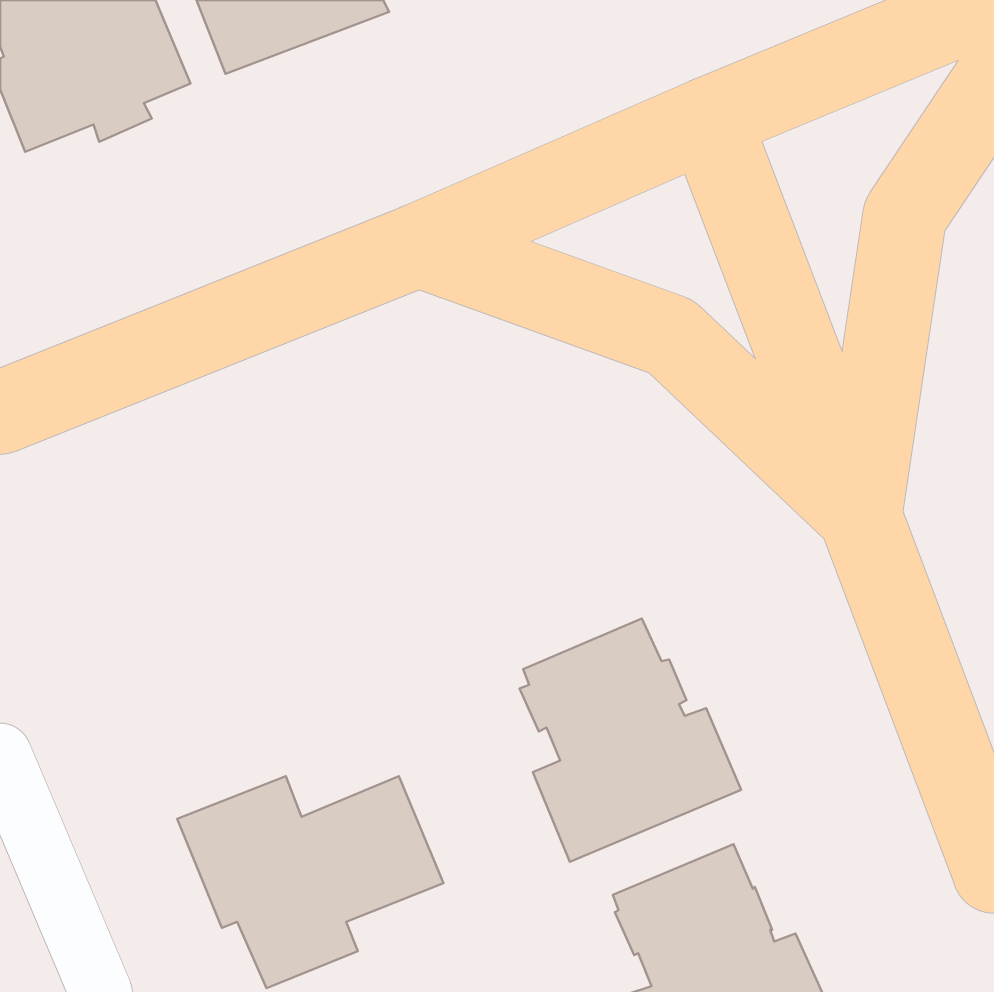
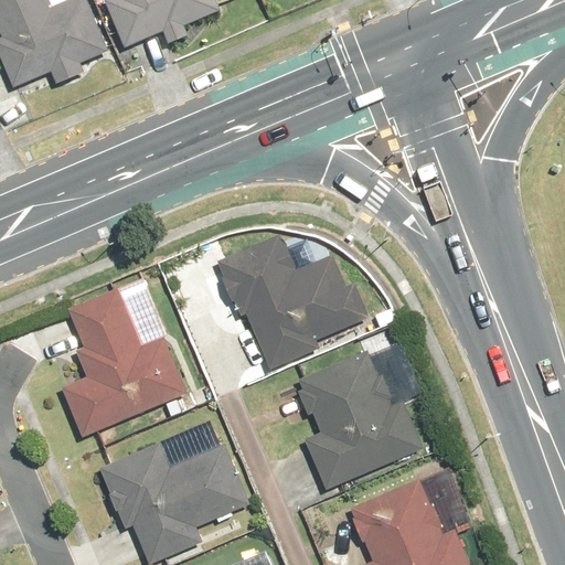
building: none -> [217,234,369,365]
building: none -> [63,285,189,435]

